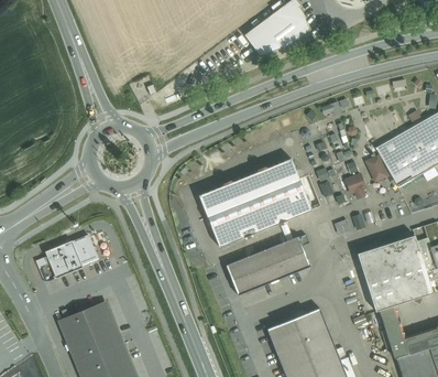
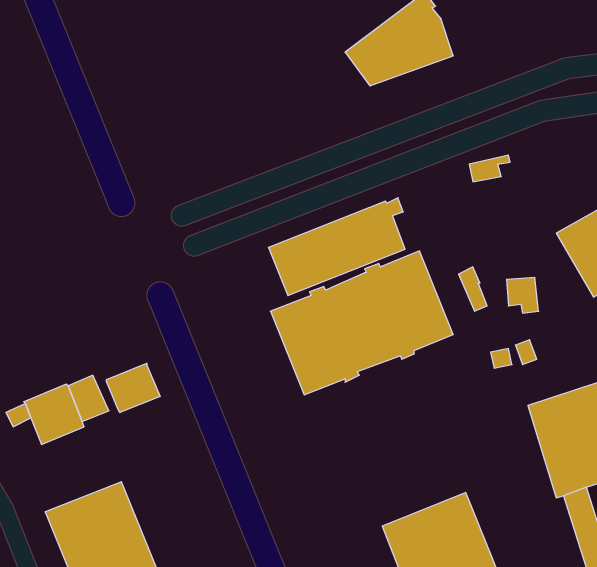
building: none -> [106,363,160,413]
building: [226,235,310,295] -> [268,198,405,295]

